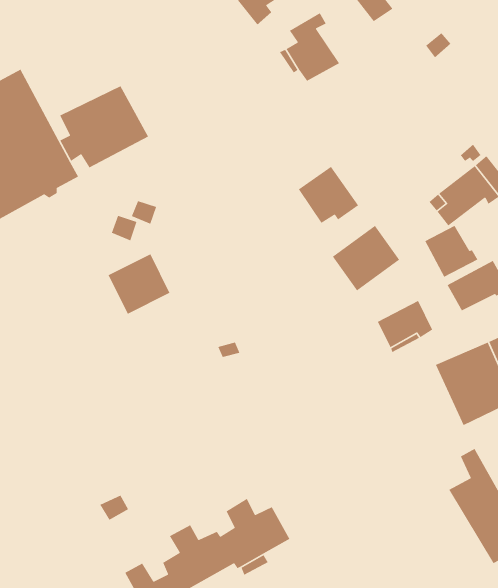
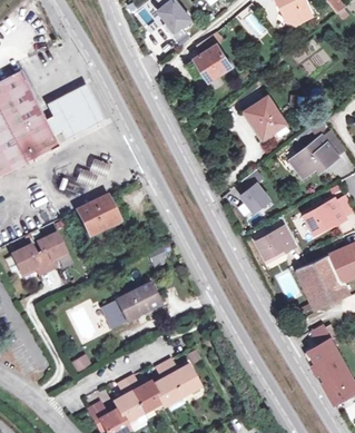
building: [298,166,359,224] -> [245,96,286,135]
building: [424,225,478,278] -> none
building: none -> [11,232,66,275]
building: none -> [100,282,159,327]

